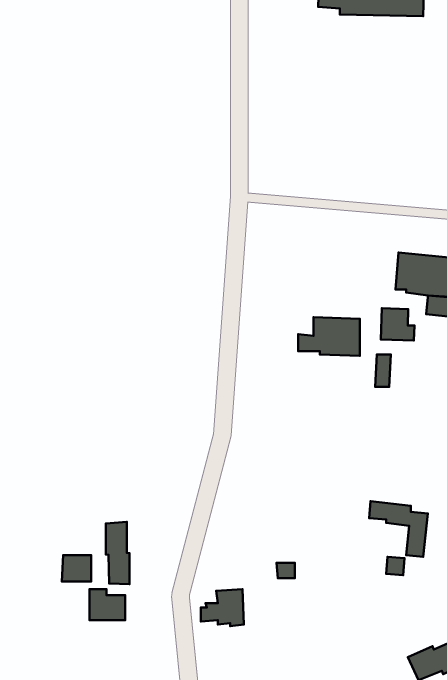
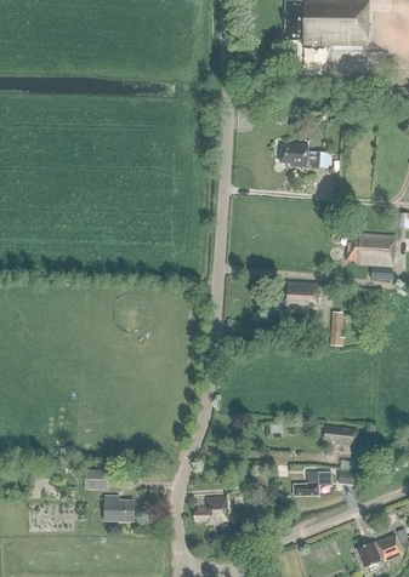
building: none -> [279,142,331,167]
building: [381,308,414,341] -> none
building: [106,522,130,584] -> none
building: none -> [294,470,331,495]

